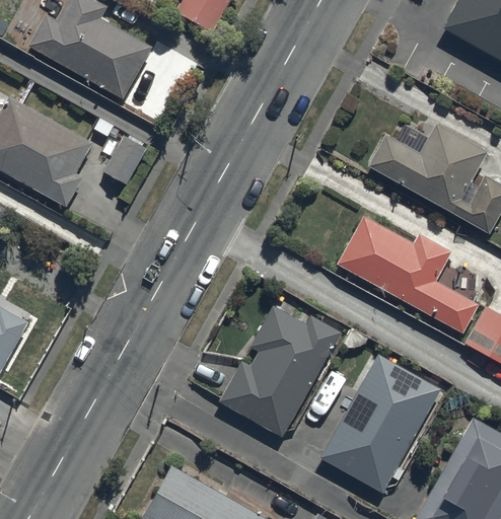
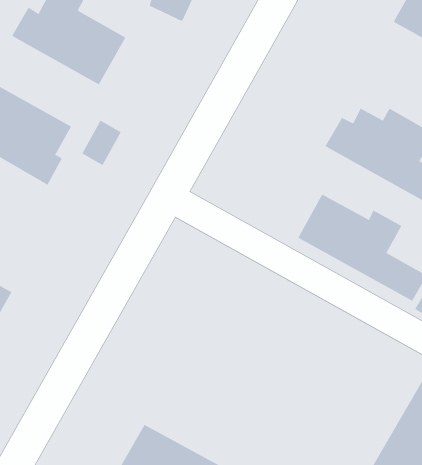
building: [220,307,342,437] -> none
building: [321,356,440,491] -> none

